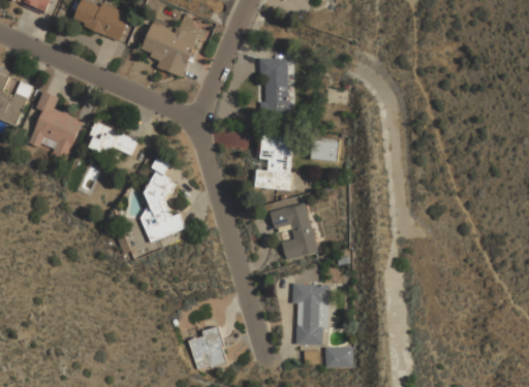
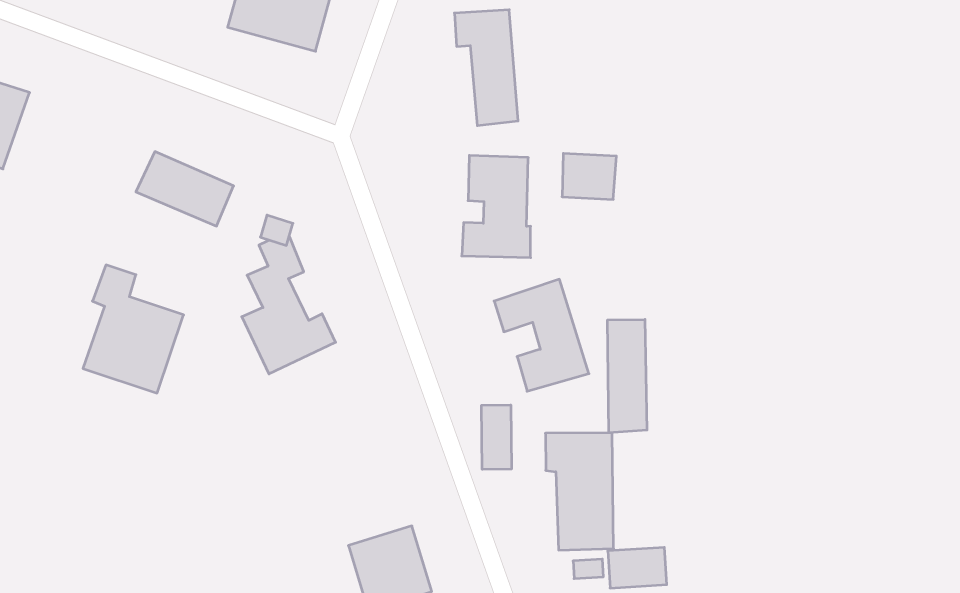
building: [27,91,82,160] -> [83,265,184,393]
building: none -> [608,319,647,433]
building: none -> [482,405,511,469]

